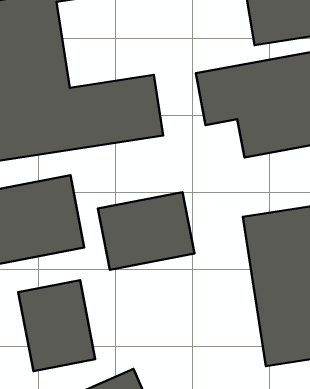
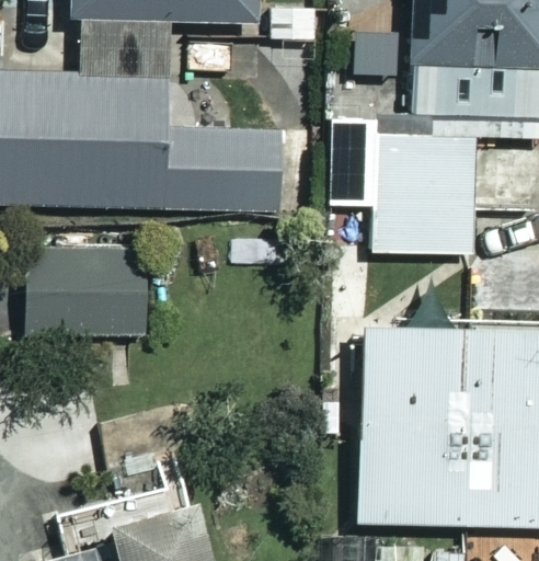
building: [98,192,194,270] -> none
building: [18,280,95,371] -> none

